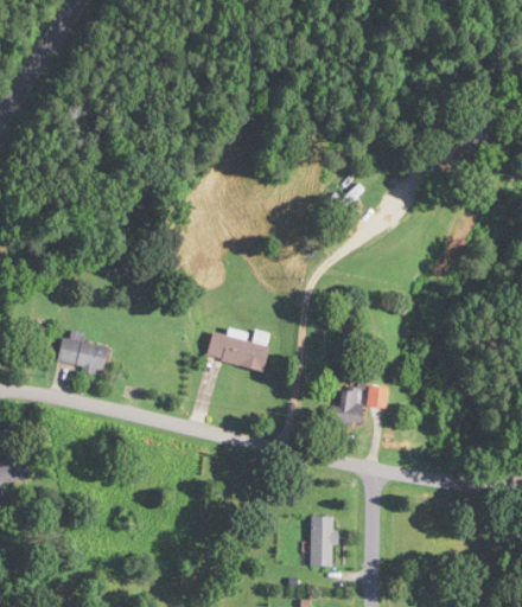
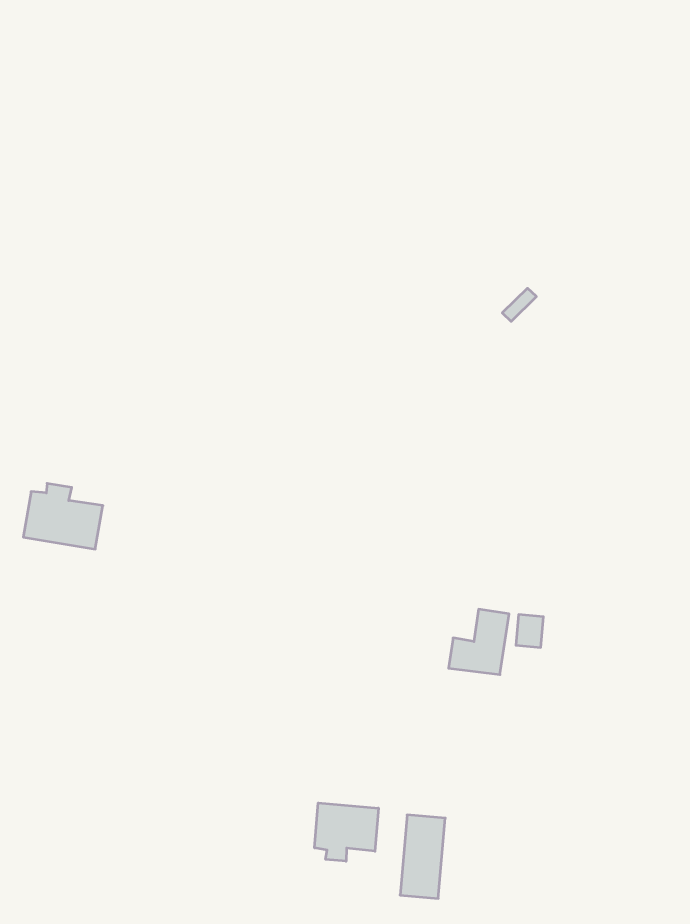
building: [205,332,268,371] -> none
building: none -> [315,803,378,861]

